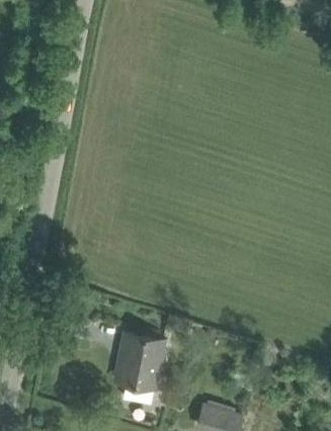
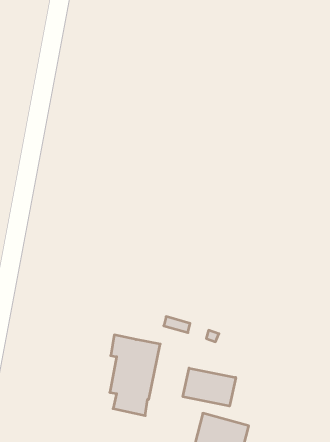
building: none -> [183,368,236,406]

